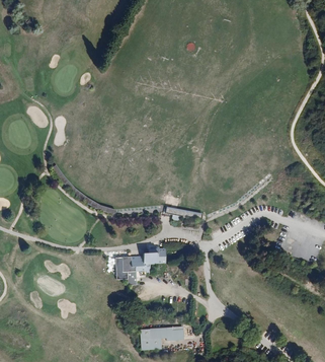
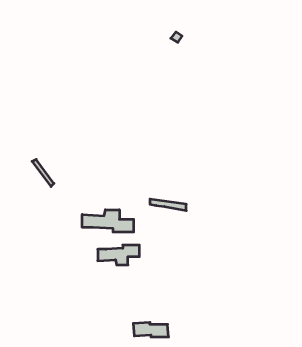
building: none -> [82,210,134,232]

